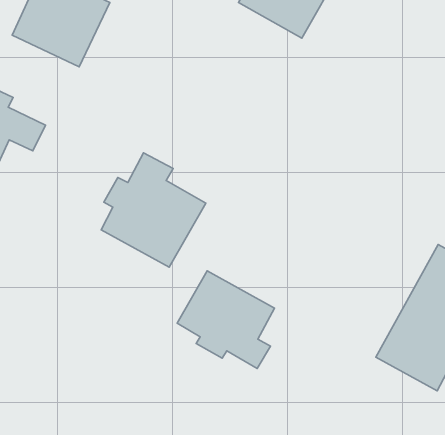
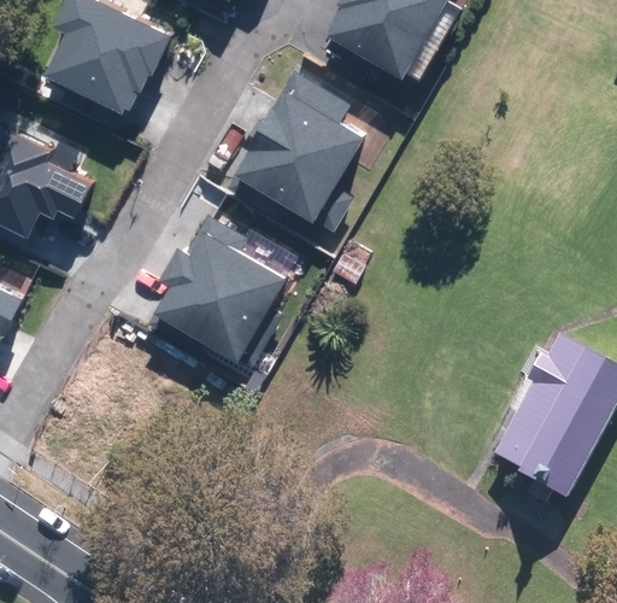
building: none -> [229,71,362,240]
building: [177,271,275,368] -> none

